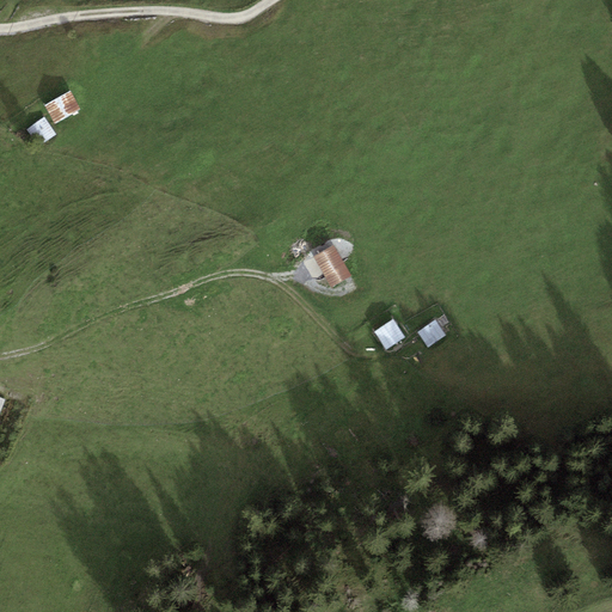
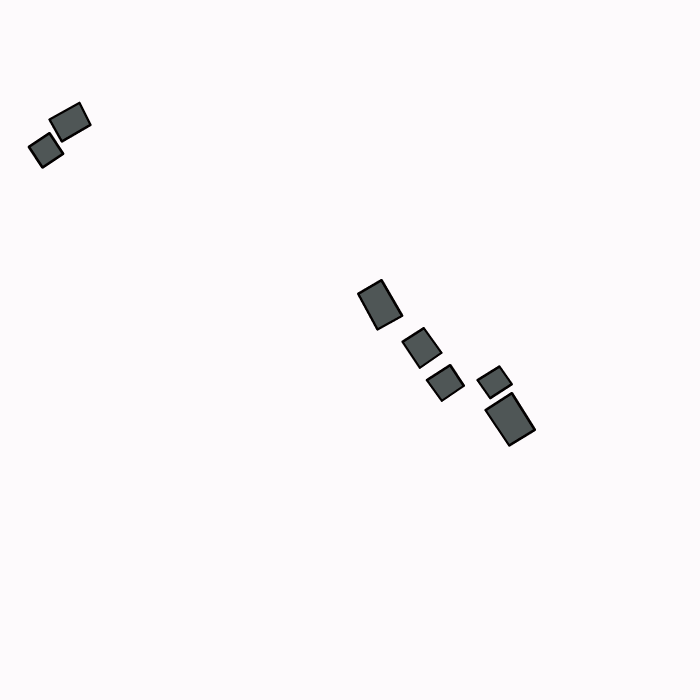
building: none -> [403,328,442,368]
building: none -> [486,393,535,446]

